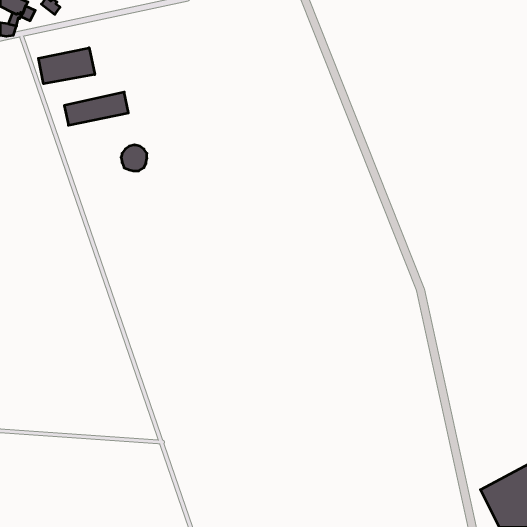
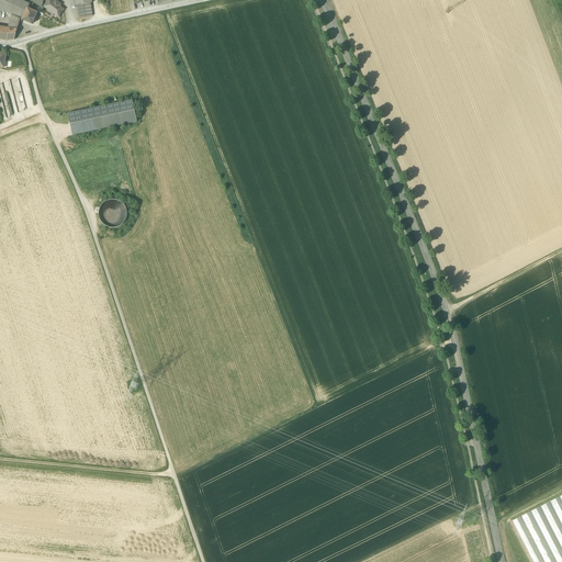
building: [38,48,95,84] -> none
building: [121,145,147,171] -> [101,198,128,225]

